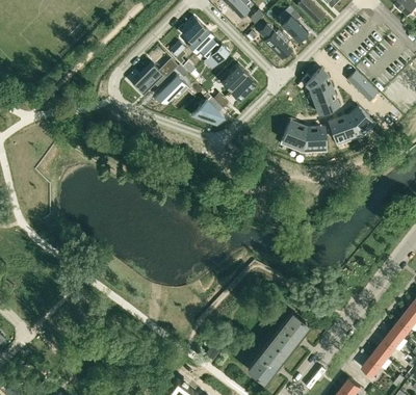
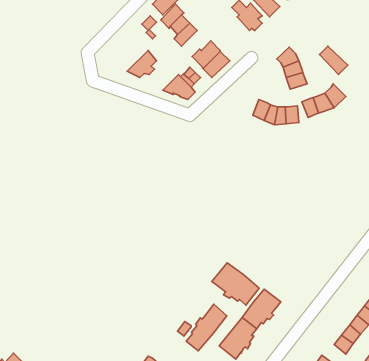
building: [133,59,178,95] -> none
building: none -> [212,263,259,305]
building: none -> [186,304,227,351]

